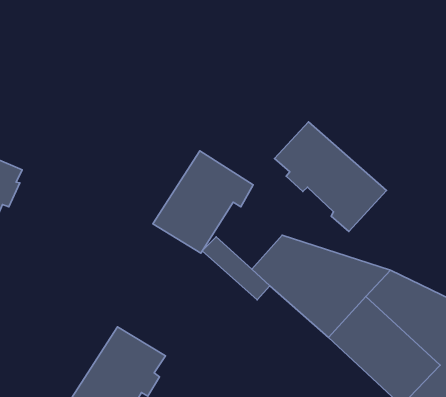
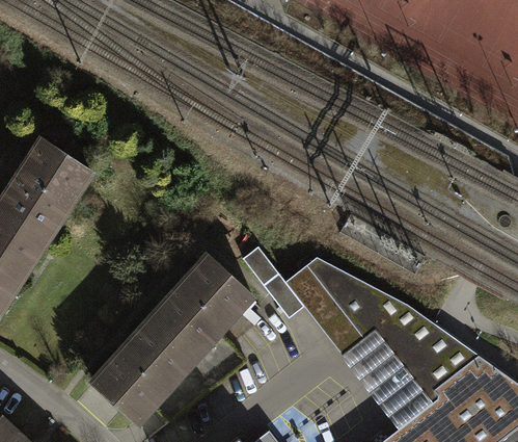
building: [274,122,386,232] -> none
building: [153,151,253,253] -> [157,257,252,348]

